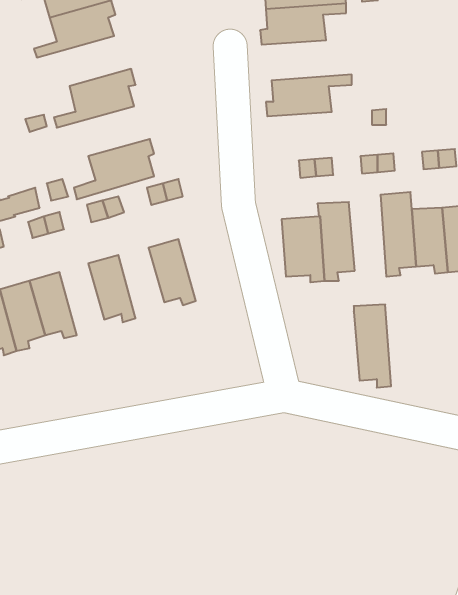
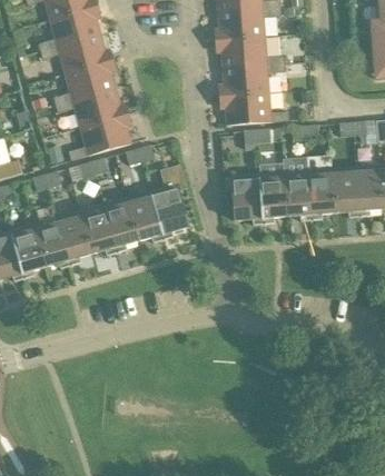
building: none -> [39,33,112,72]
building: none -> [214,37,284,68]
building: none -> [55,88,127,127]
building: none -> [218,92,288,125]
building: none -> [149,170,189,239]
building: none -> [102,198,138,252]
building: none -> [57,210,91,266]
building: [354,305,391,388] -> [282,157,310,221]

